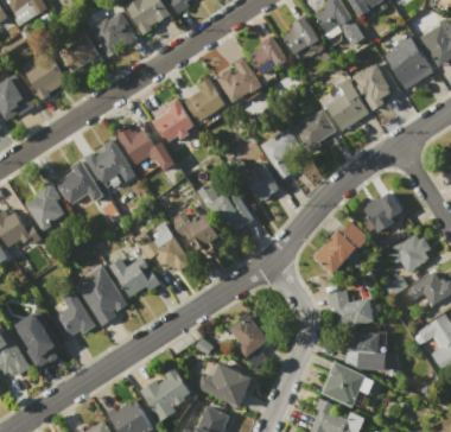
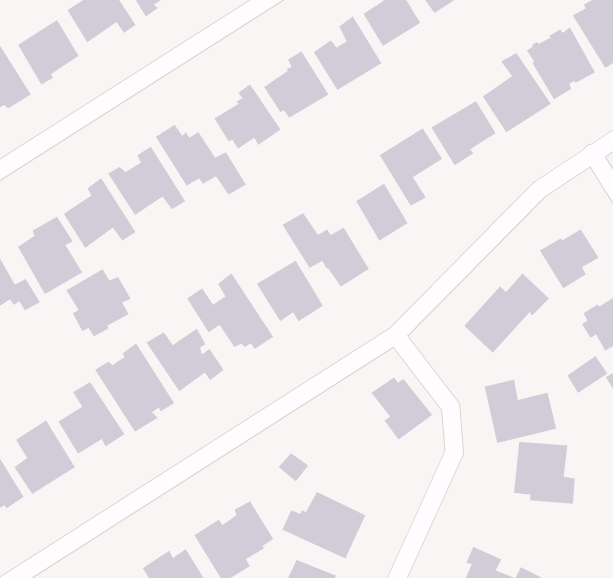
building: none -> [65,268,131,337]
building: [229,316,269,357] -> [371,376,433,441]
building: [322,361,375,407] -> none

